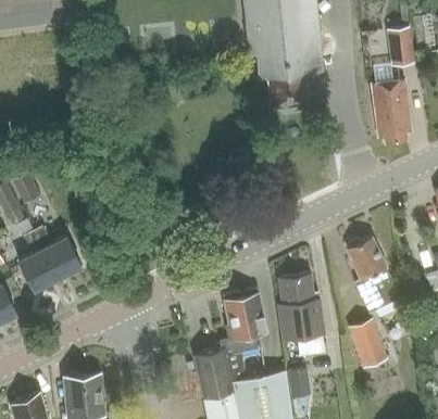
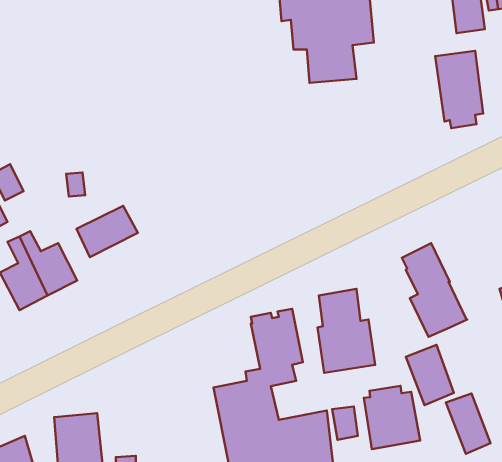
building: none -> [76,206,138,257]
building: none -> [364,386,420,449]
building: none -> [446,393,491,454]

